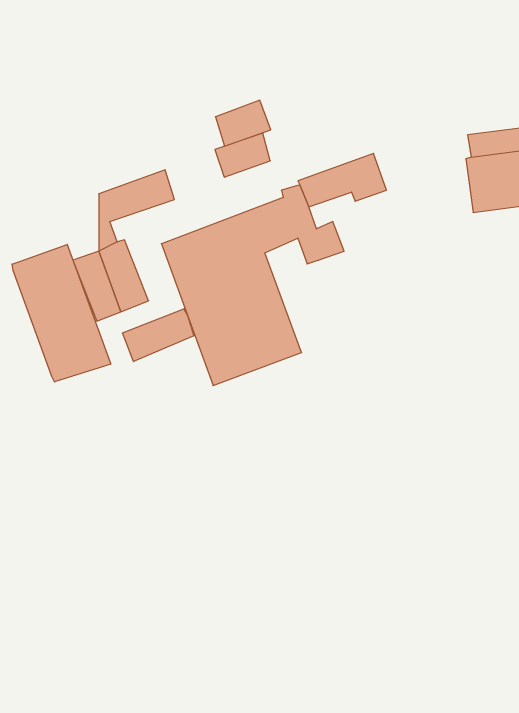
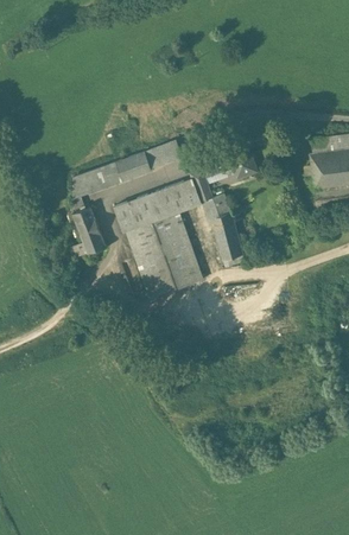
building: [215,100,271,146] -> [116,151,152,180]
building: [12,244,111,382] -> none
building: none -> [214,214,243,260]
building: [123,309,194,362] -> none

